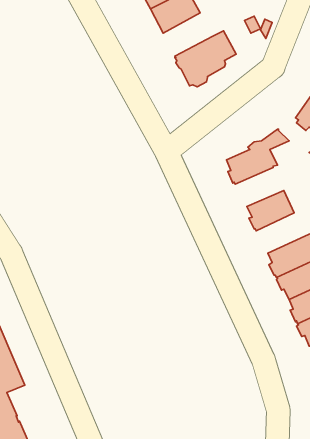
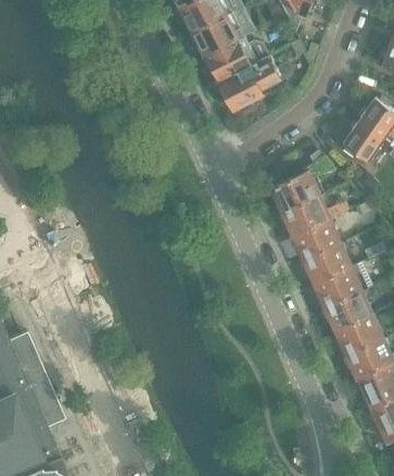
building: none -> [206,36,268,80]
building: none -> [279,195,342,235]
building: none -> [301,241,352,283]

